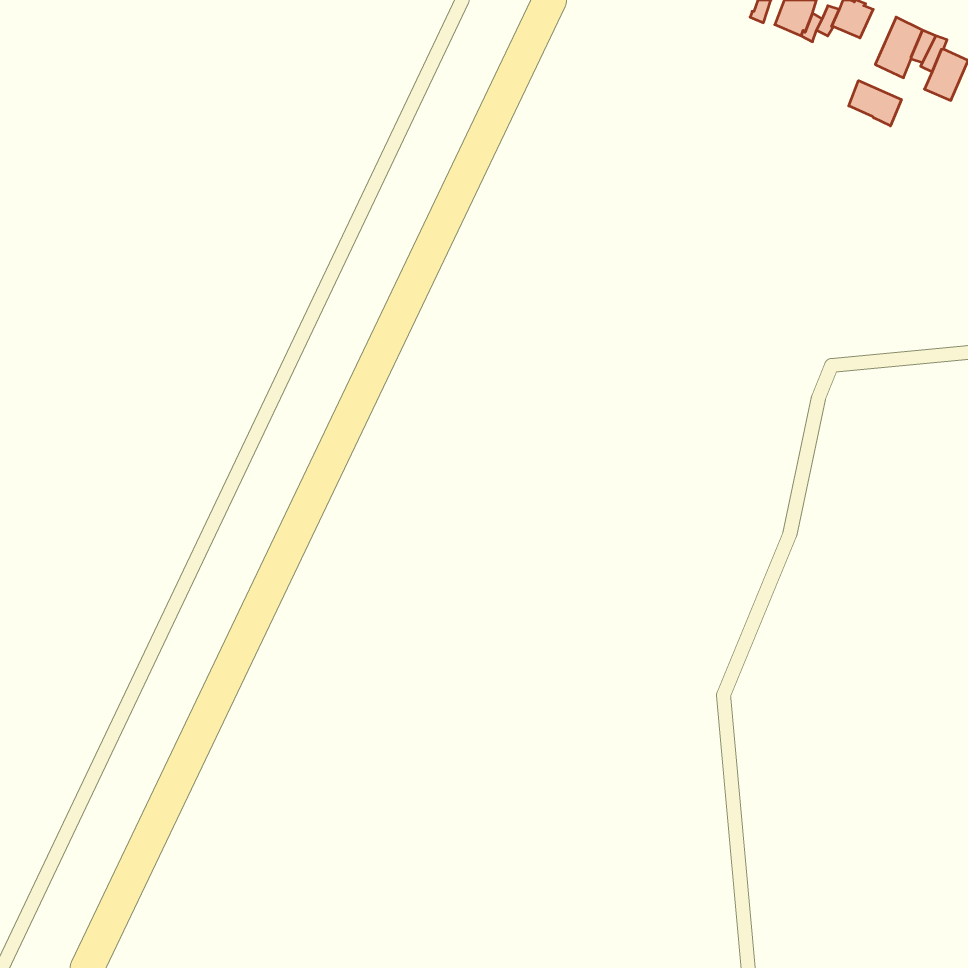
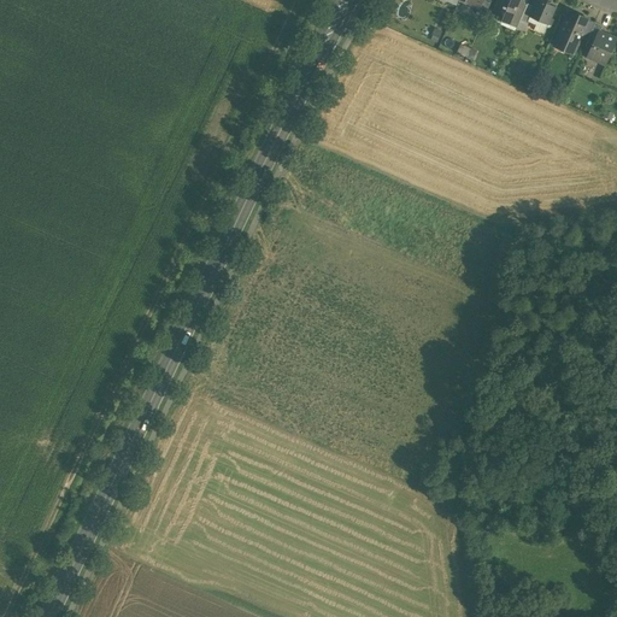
building: [849,81,901,126] -> none

